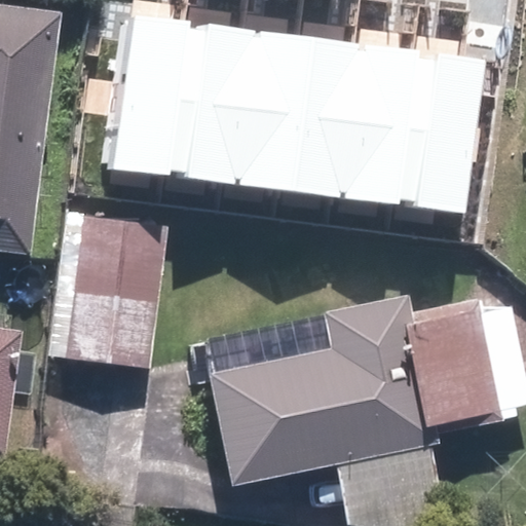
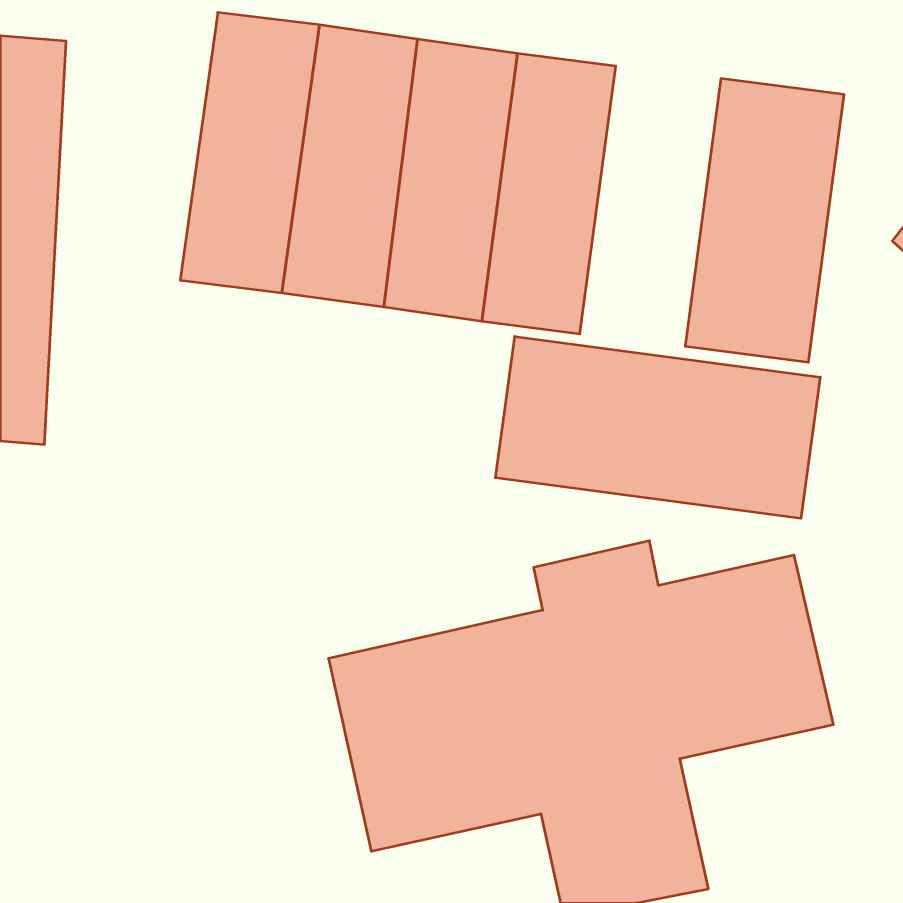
building: [339,38,420,199] -> none
building: none -> [495,336,820,518]
building: [65,210,163,367] -> none

